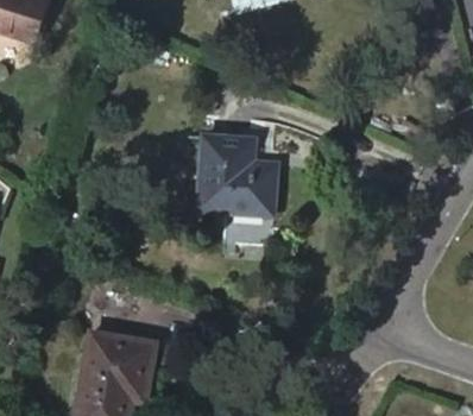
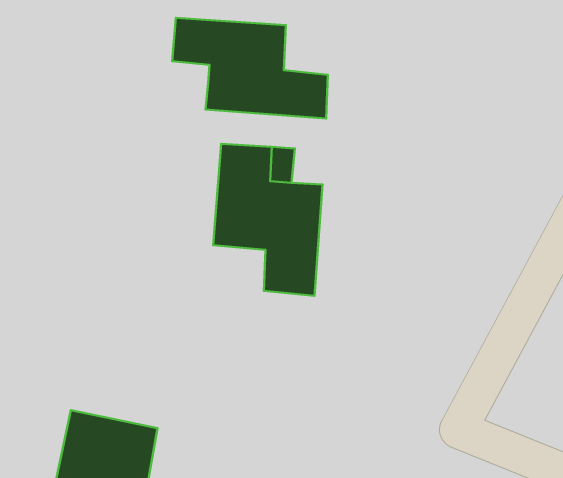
building: none -> [172,18,328,118]

